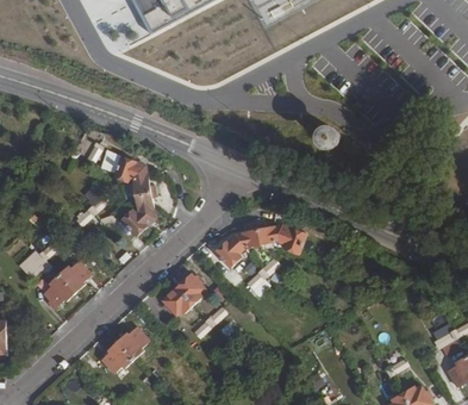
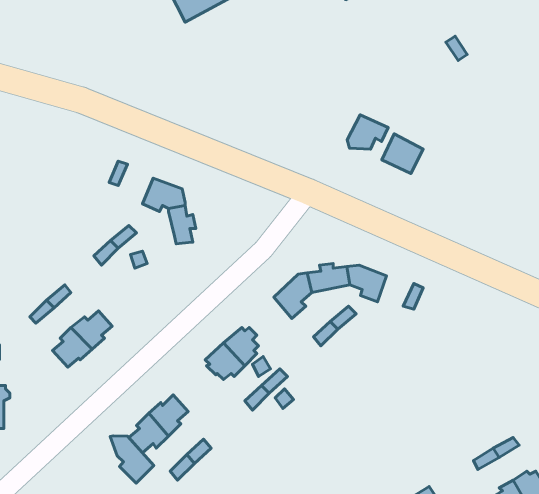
building: none -> [347,115,388,149]
building: [120,207,154,235] -> none
building: none -> [110,436,154,483]

